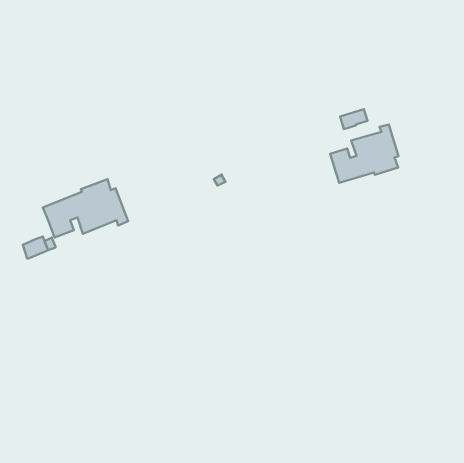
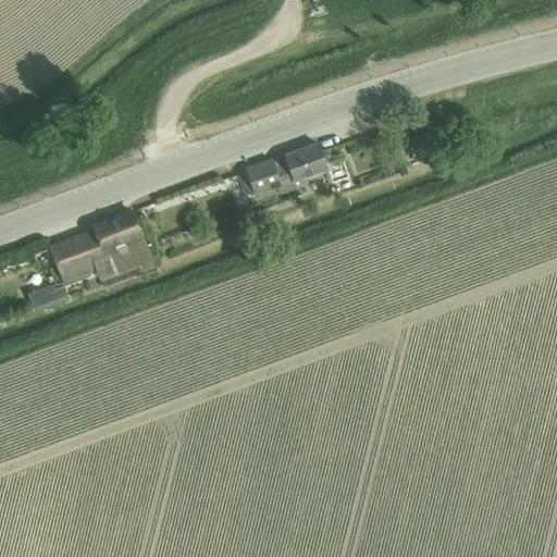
building: none -> [238,143,333,194]
building: [330,124,399,183] -> none

